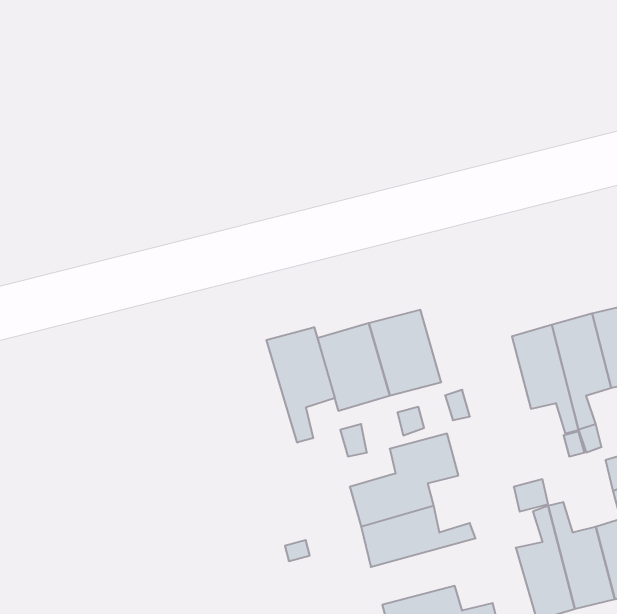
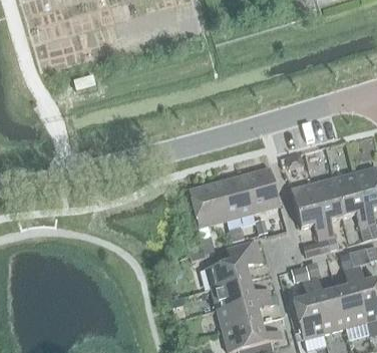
building: none -> [243,167,281,213]
building: [266,327,335,443] -> none
building: none -> [217,295,274,330]

